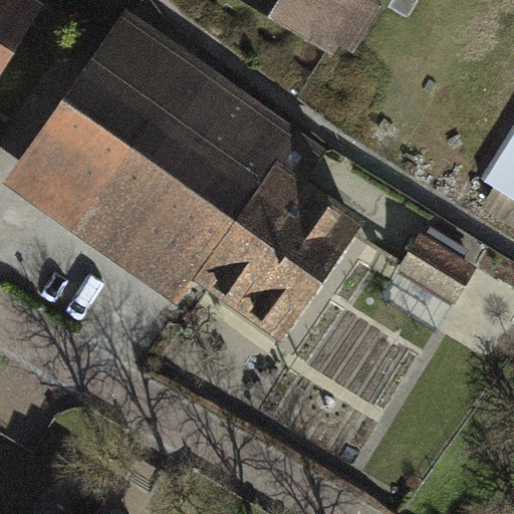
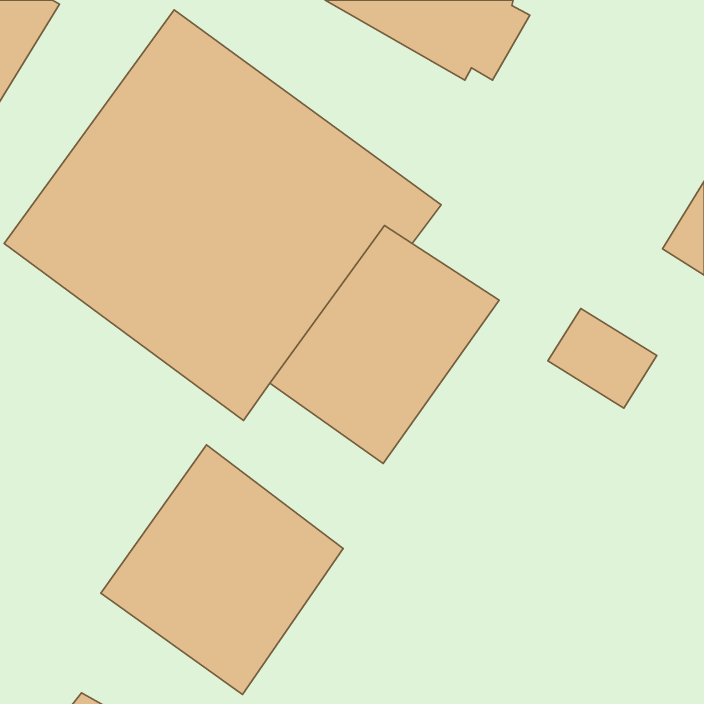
building: none -> [101,445,343,695]

